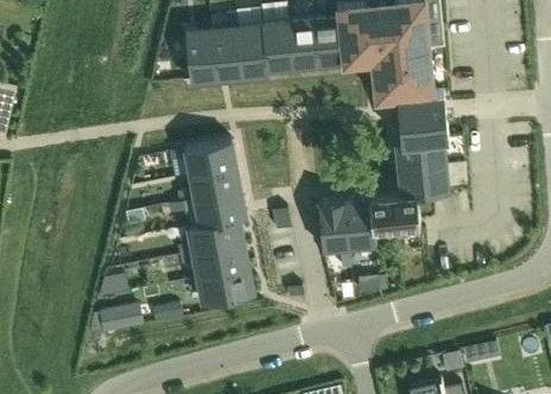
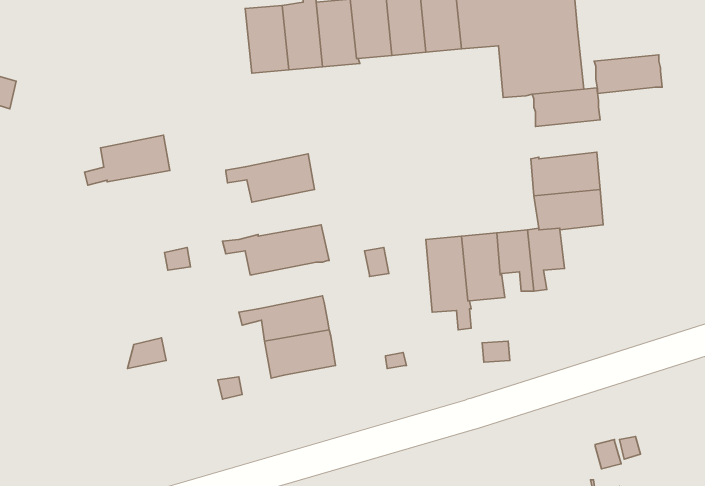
building: [399,115,449,144] -> [594,55,662,94]
building: [178,166,241,203] -> [85,135,170,185]
building: [179,220,242,256] -> none
building: [100,306,141,332] -> none

